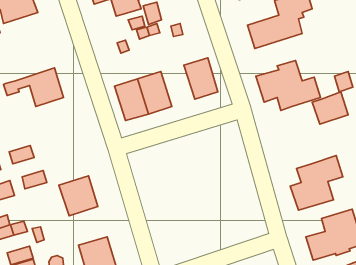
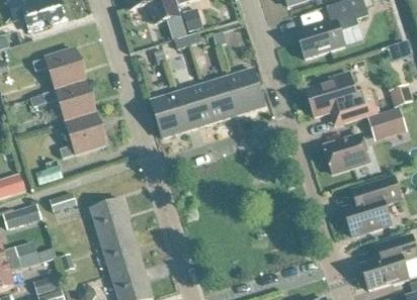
building: none -> [32,47,85,89]
building: none -> [200,71,239,121]
building: none -> [60,111,105,158]
building: none -> [324,134,369,172]
building: none -> [101,230,143,273]

